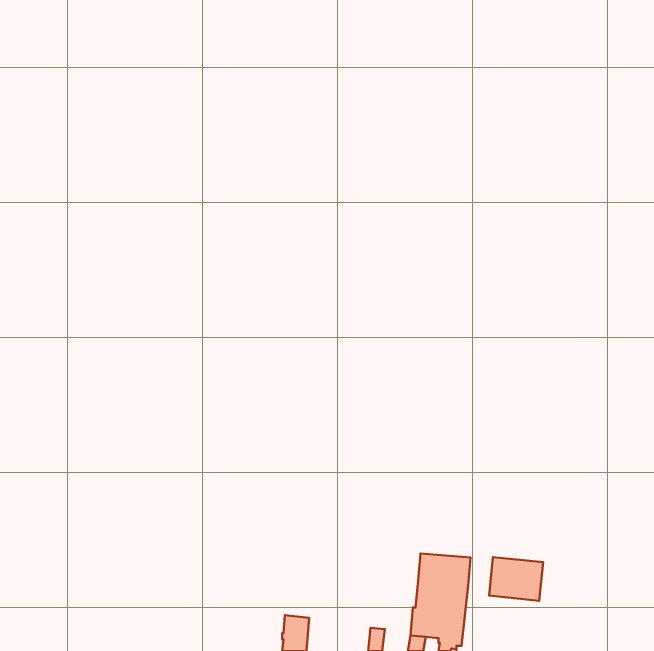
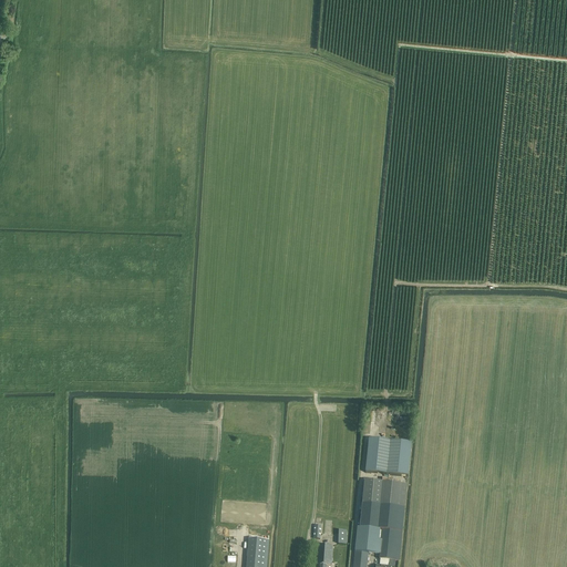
building: [489,557,543,601] -> [364,436,411,474]

